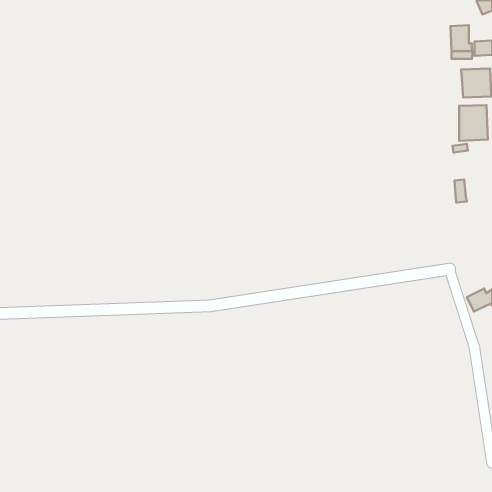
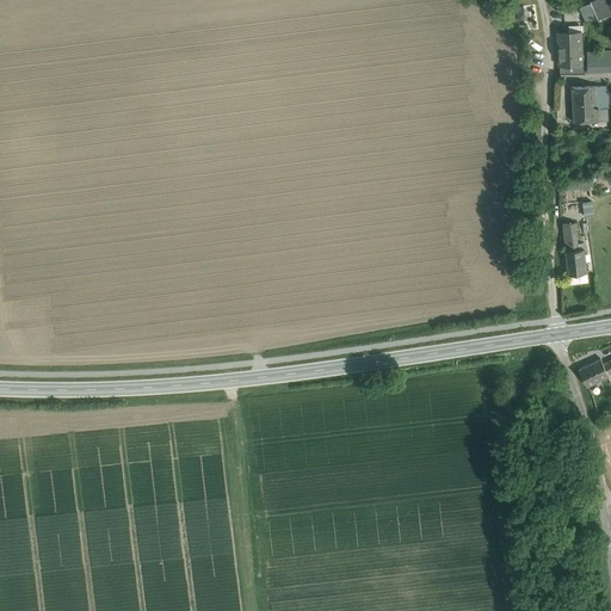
building: [459,105,488,141] -> none
building: none -> [564,243,588,276]

